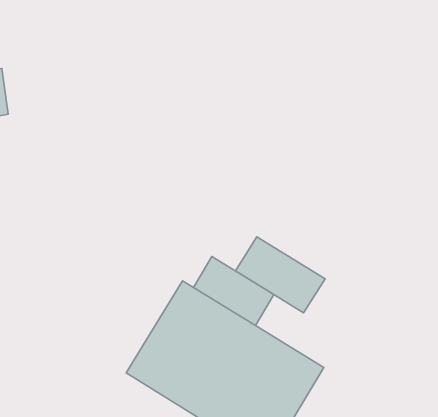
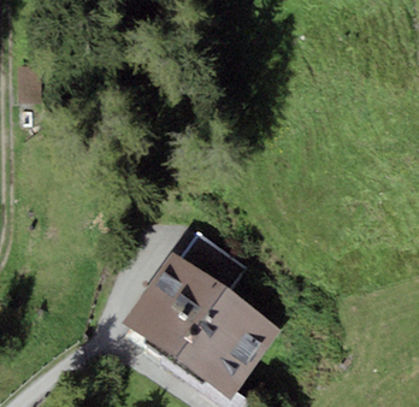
building: [235,237,325,313] -> none

